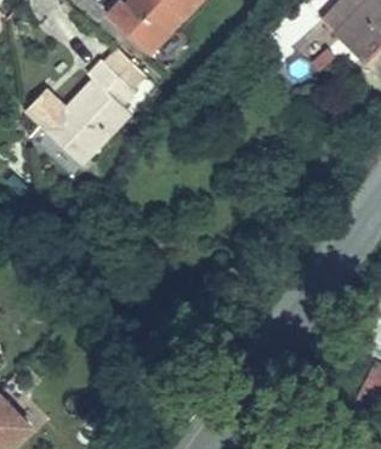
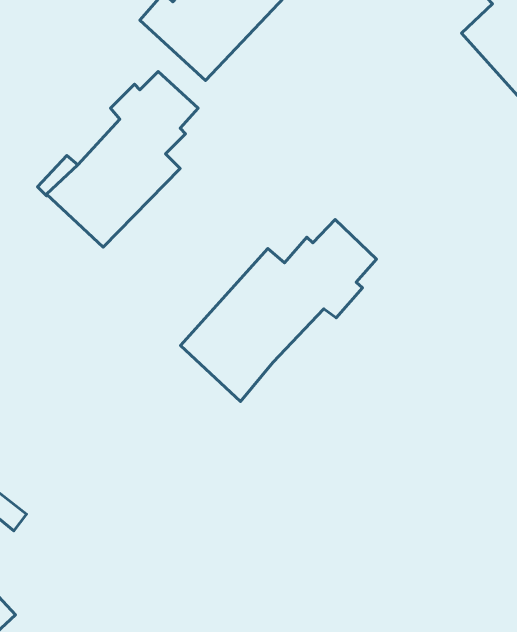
building: none -> [181,219,377,402]

